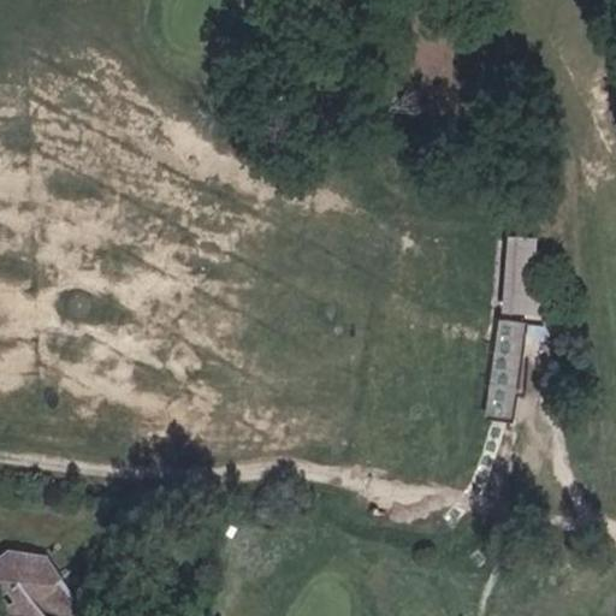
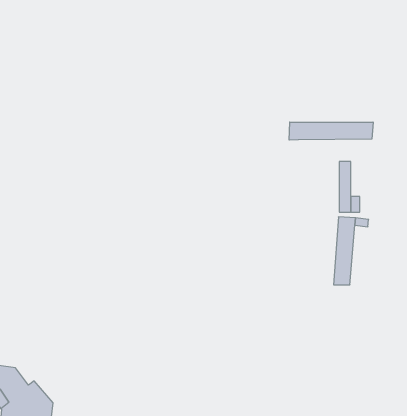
building: none -> [289,122,373,140]

